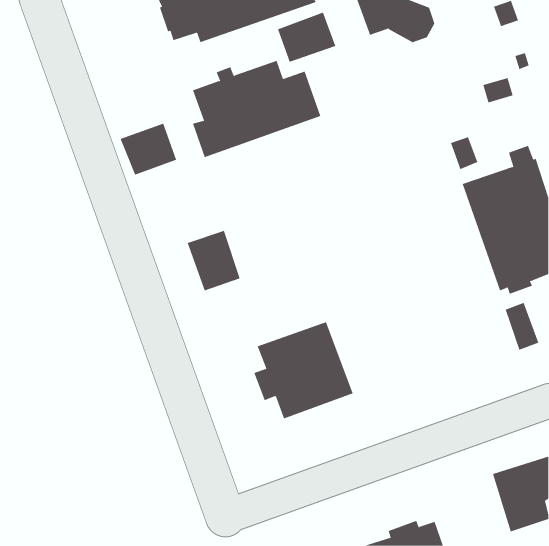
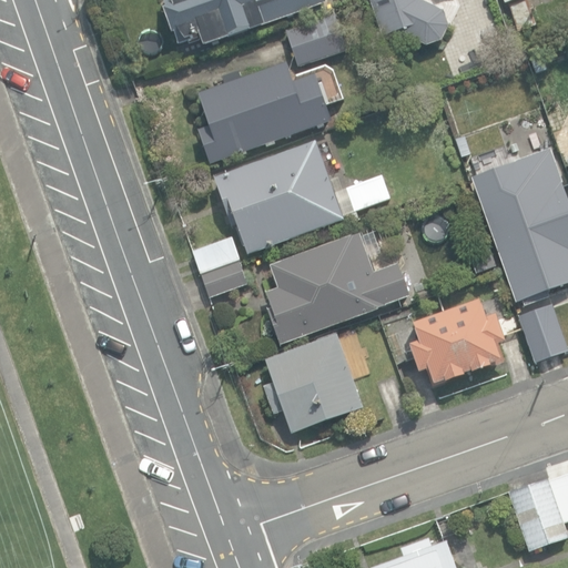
building: [120,123,177,176] -> none
building: none -> [215,140,392,253]
building: none -> [266,232,409,344]
building: none -> [409,297,507,383]

